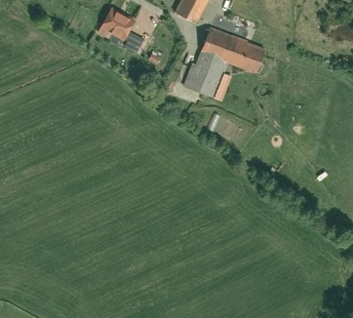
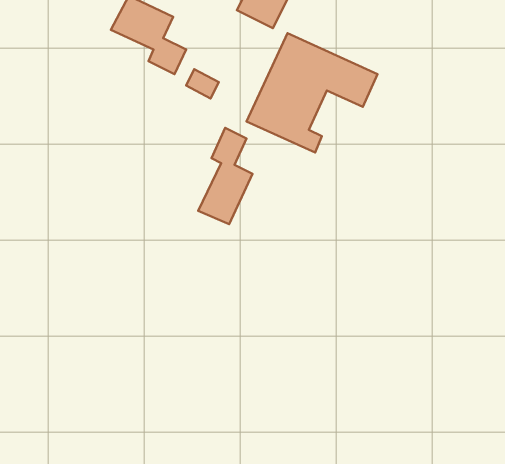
building: none -> [198,128,252,224]

